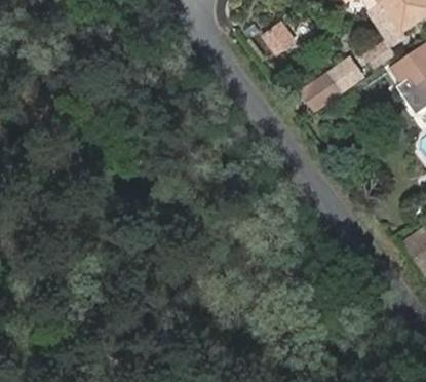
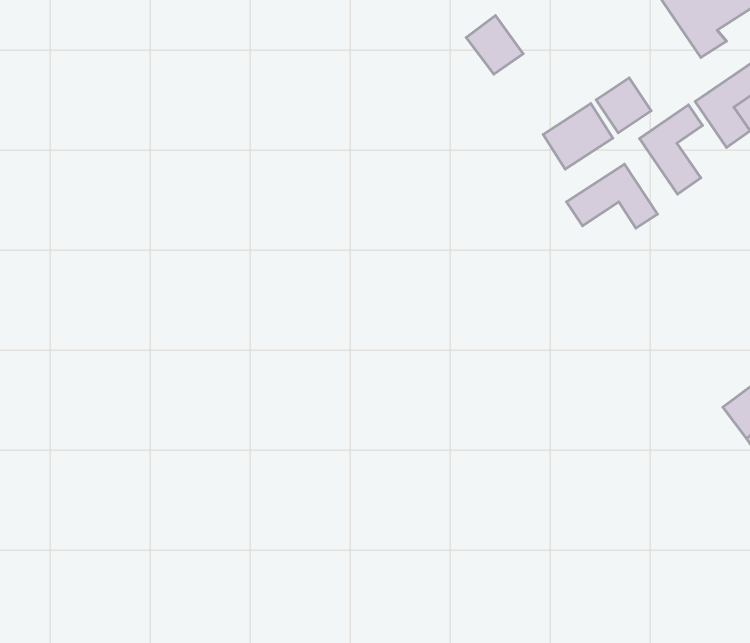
building: none -> [639,105,702,194]
building: none -> [567,164,657,228]

